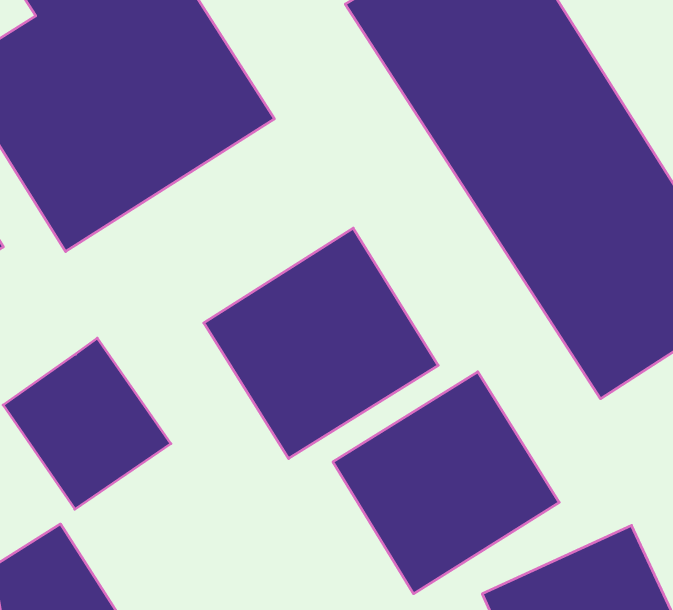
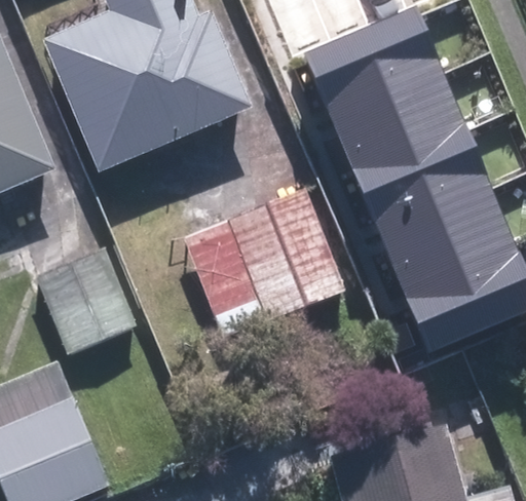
building: [333,372,559,594] -> none

